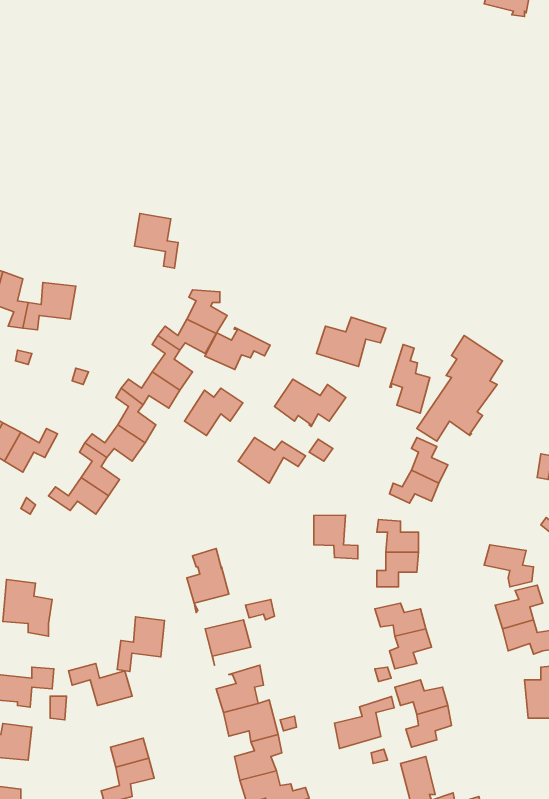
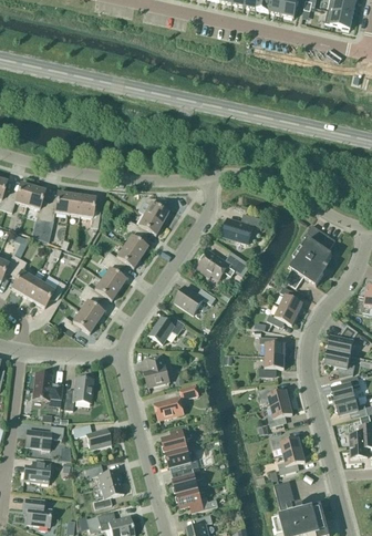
building: [134,213,178,268] -> [73,194,100,227]
building: [205,327,270,369] -> none
building: [390,344,430,413] -> none
building: [185,388,243,436] -> [149,315,185,343]
building: none -> [328,323,358,354]
building: [314,515,358,559] -> none
building: [117,617,165,671] -> [64,377,93,410]
building: [335,697,394,749] -> none

